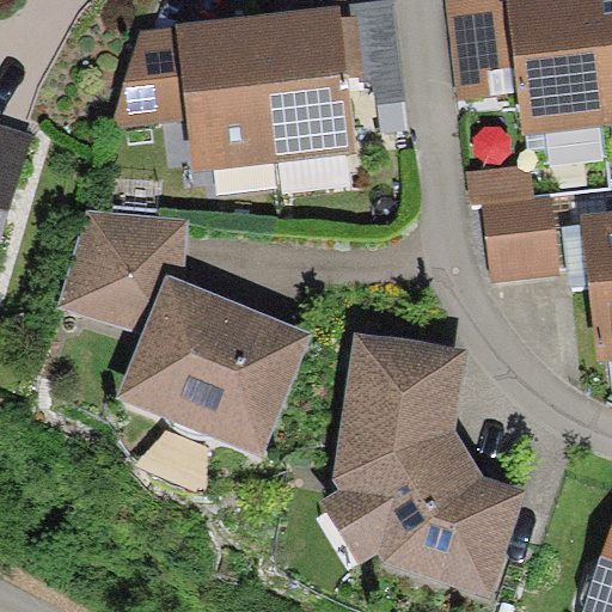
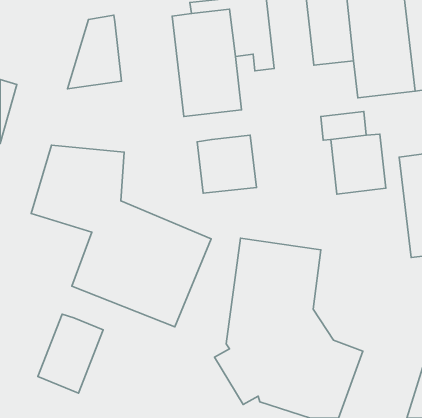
building: [176,23,274,173] -> none
building: none -> [197,135,256,193]
building: none -> [38,314,103,393]

